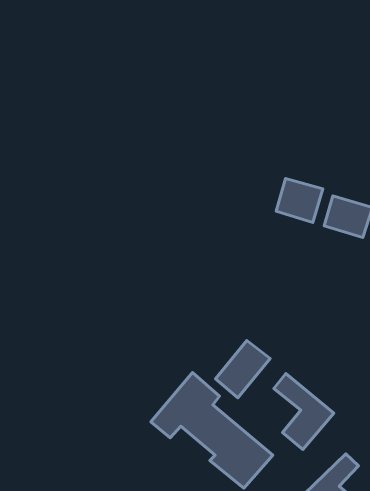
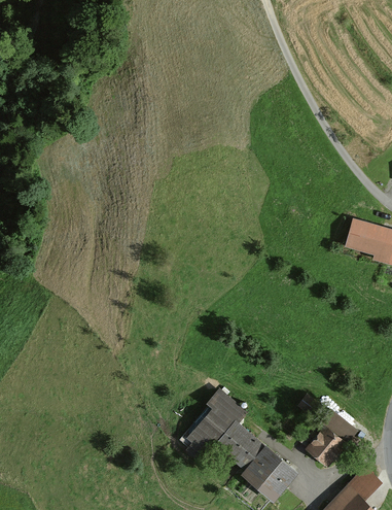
building: [276,178,323,222] -> none
building: [215,340,270,398] -> none

